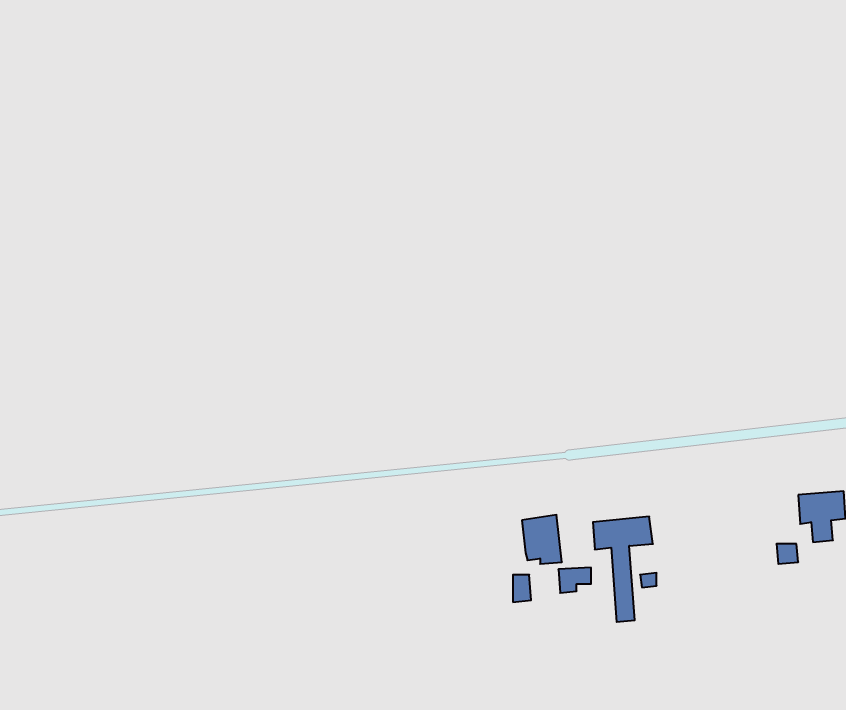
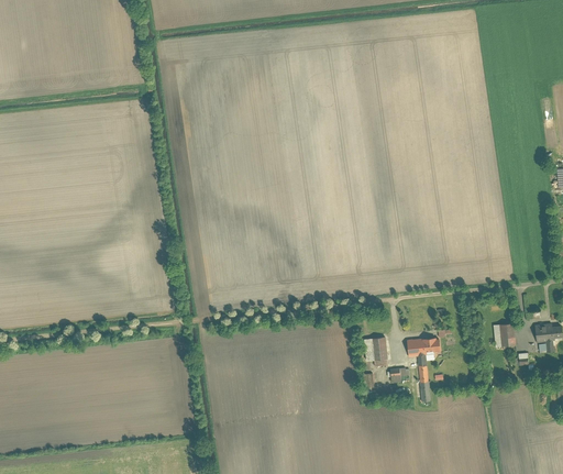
building: none -> [495,322,517,346]

